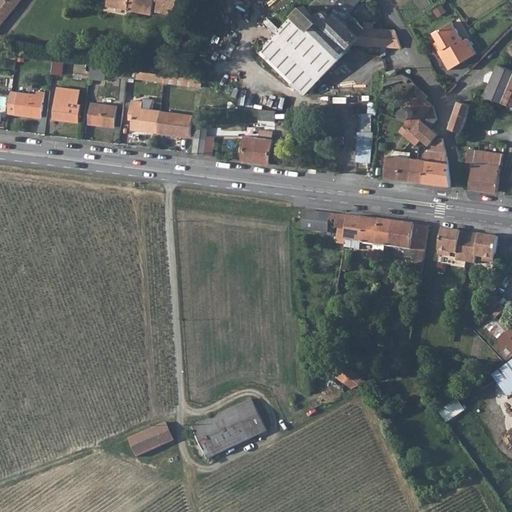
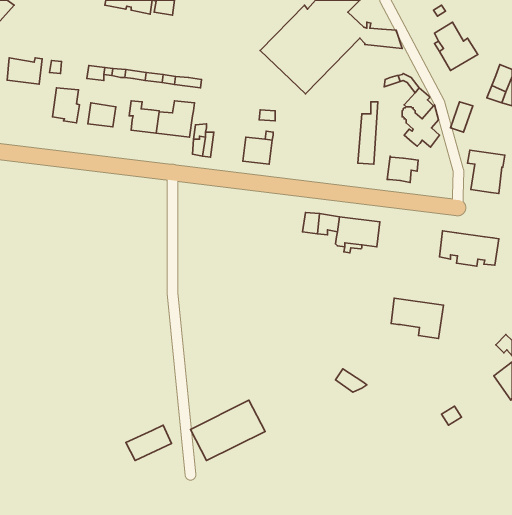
building: [7,91,42,117] -> [7,58,42,84]
building: [407,138,449,186] -> none
building: [374,220,426,260] -> [391,298,444,339]

